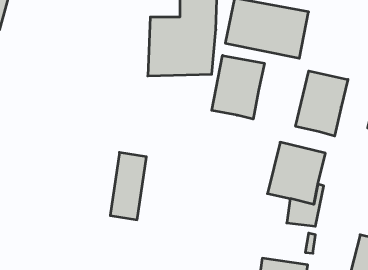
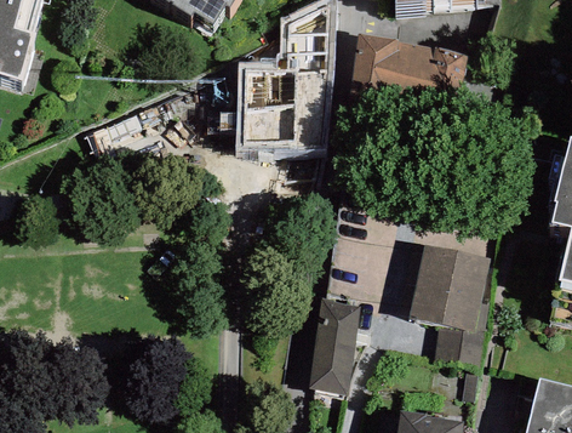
building: [212,55,264,119] -> none
building: [296,71,348,136] -> none
building: [110,152,146,220] -> [308,300,360,397]

